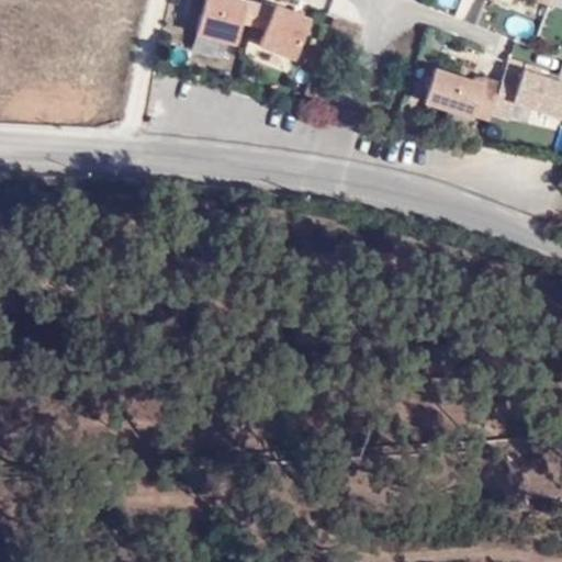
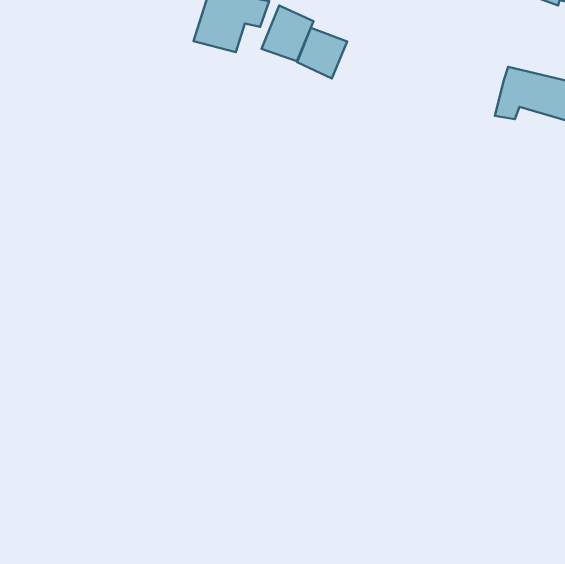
building: none -> [297,28,347,78]
building: [425,67,501,121] -> none

